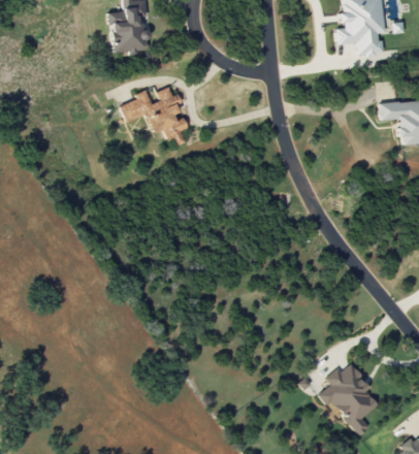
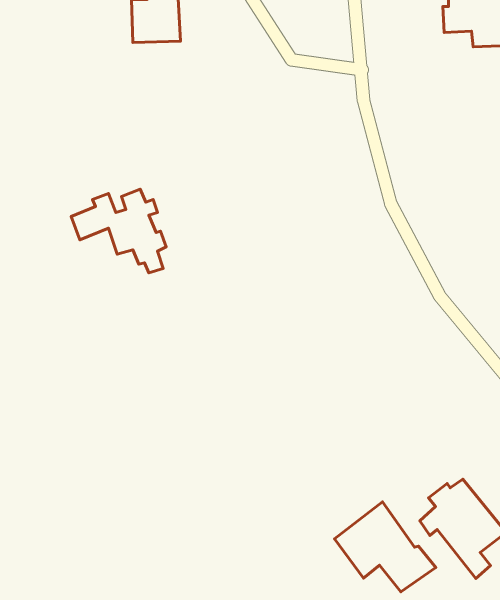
building: [120,87,188,147] -> [71,189,166,273]
building: none -> [334,502,436,592]

